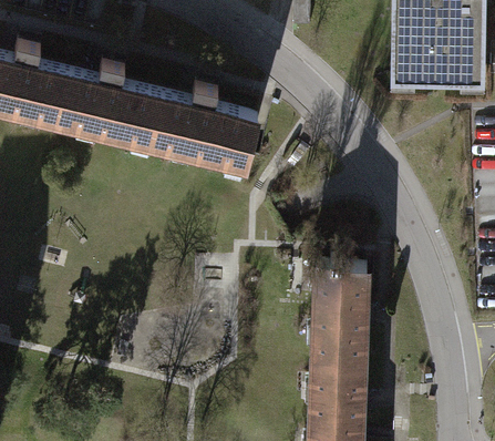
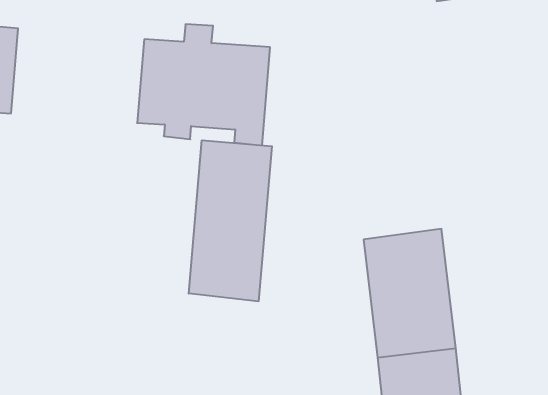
building: [54,55,165,156] -> none
building: none -> [189,140,272,301]

